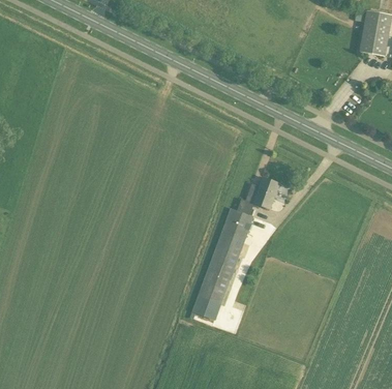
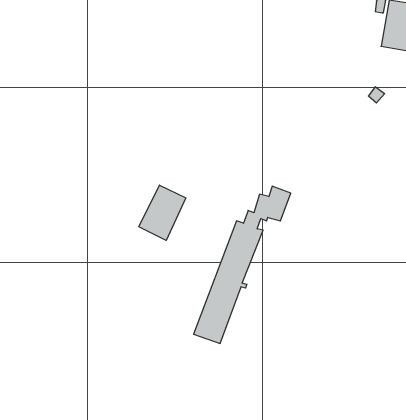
building: none -> [139,185,186,240]

